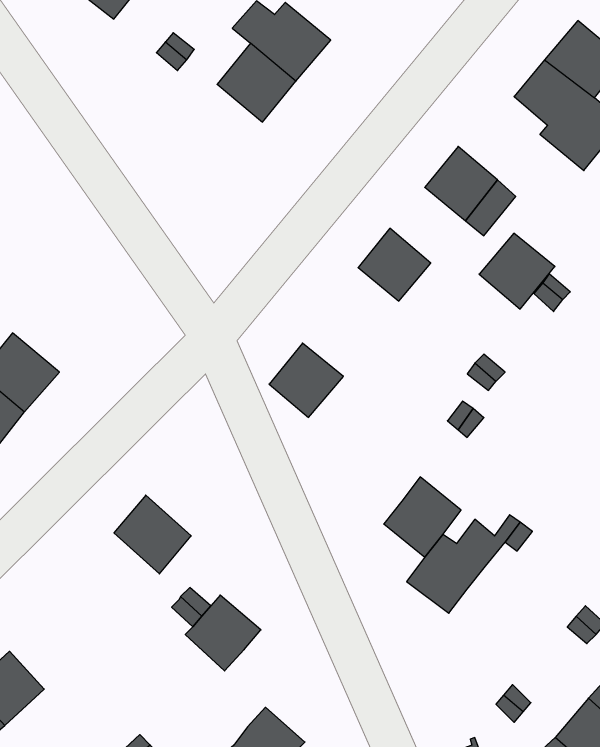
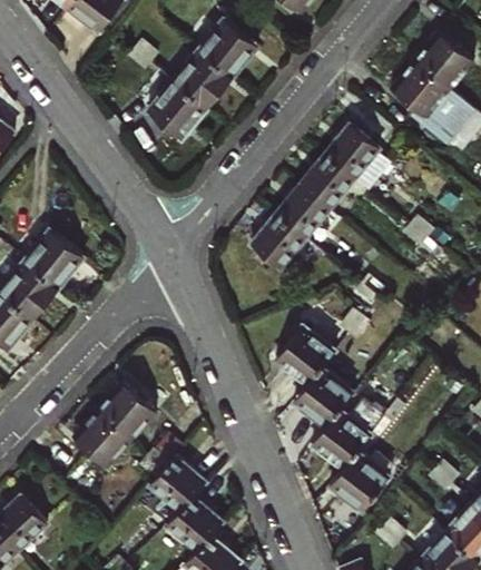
building: none -> [146,79,206,139]
building: [479,233,555,309] -> [300,155,355,210]
building: none -> [22,230,82,291]
building: [269,343,343,417] -> [252,214,306,268]
building: none -> [275,325,335,385]
building: none -> [72,409,130,465]
building: none -> [330,450,390,511]
building: none -> [166,494,222,551]

